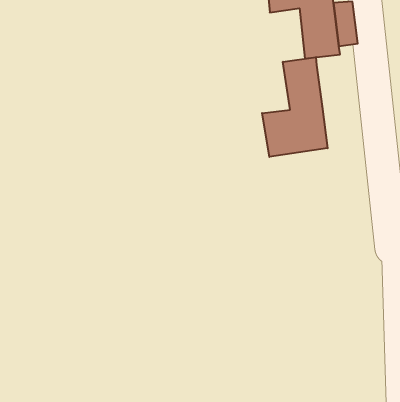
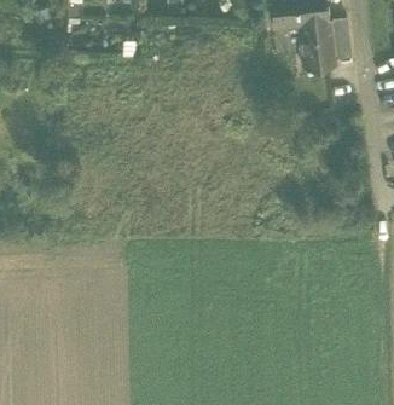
building: [262,57,328,157] -> none

